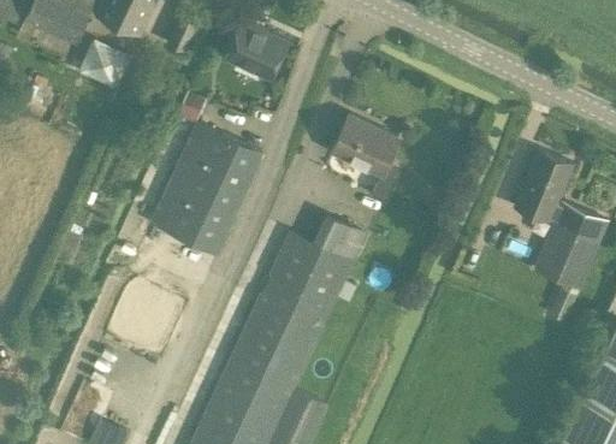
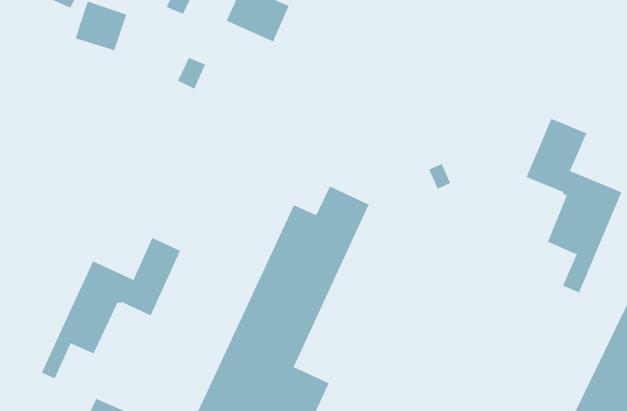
building: [332,116,401,203] -> none
building: [154,124,262,251] -> none
building: none -> [41,237,181,379]

